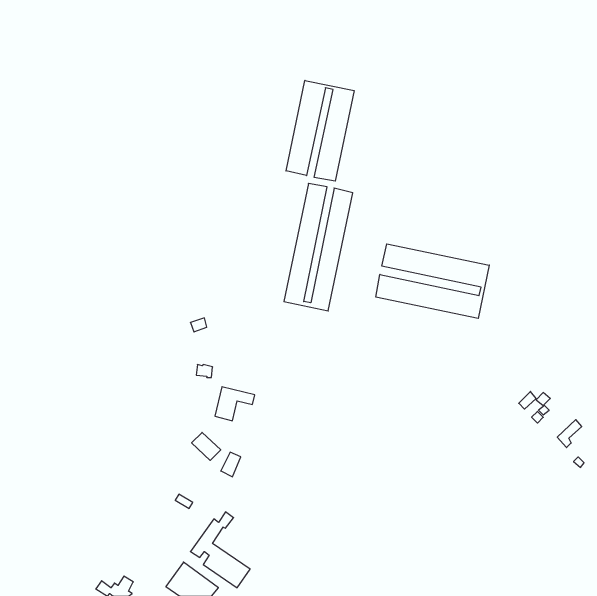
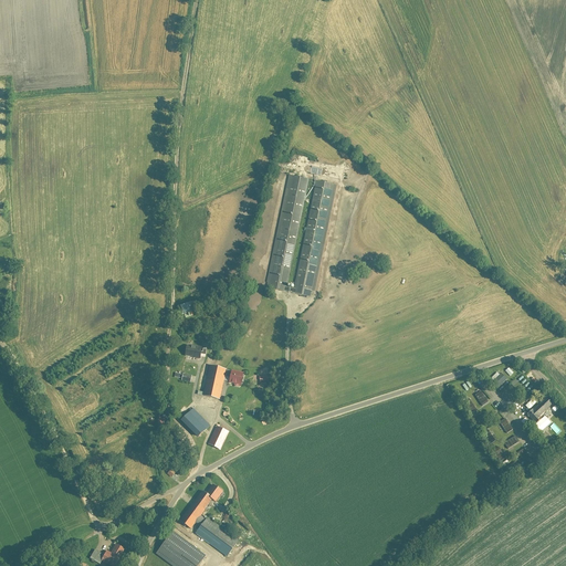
building: [286,80,354,181] -> none
building: [376,244,489,318] -> none

